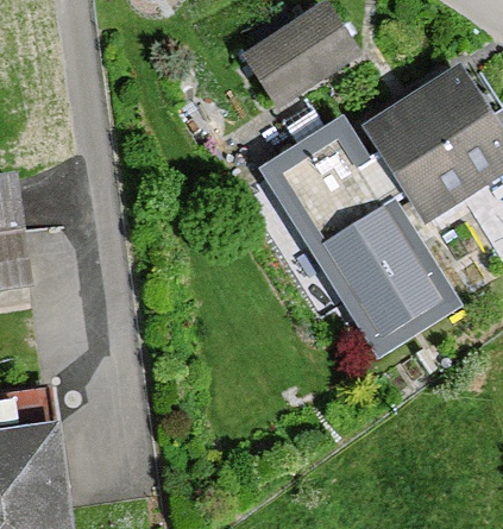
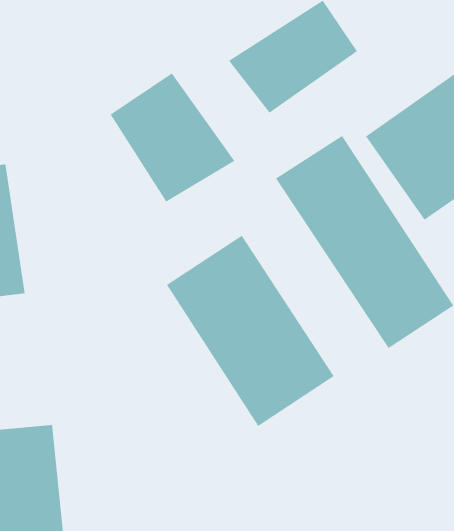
building: none -> [110,72,235,203]
building: none -> [166,235,335,427]

